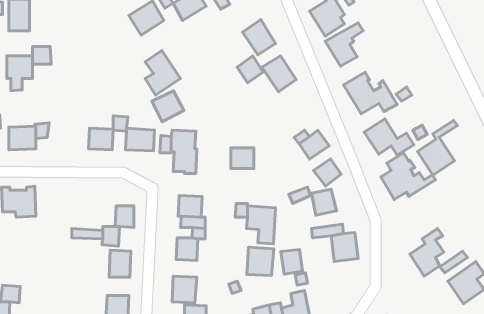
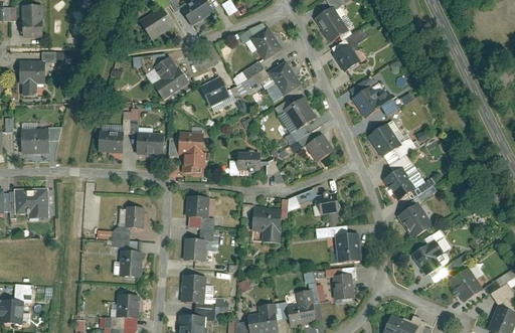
building: [152,91,184,122] -> [200,76,231,107]
building: none -> [284,98,316,130]
building: [417,120,458,175] -> [397,186,437,239]
building: [313,159,341,186] -> none
building: [247,247,274,276] -> none
building: [281,249,303,274] -> [332,276,353,300]

